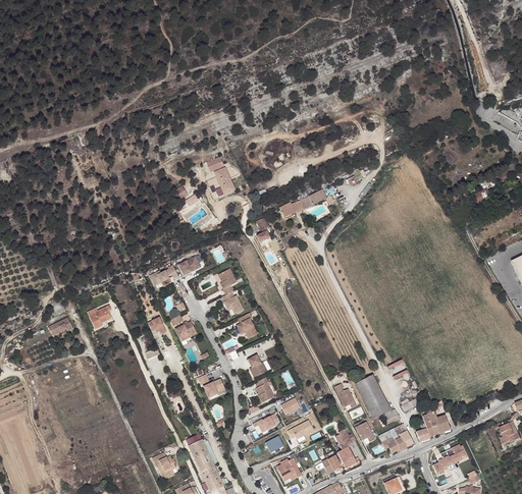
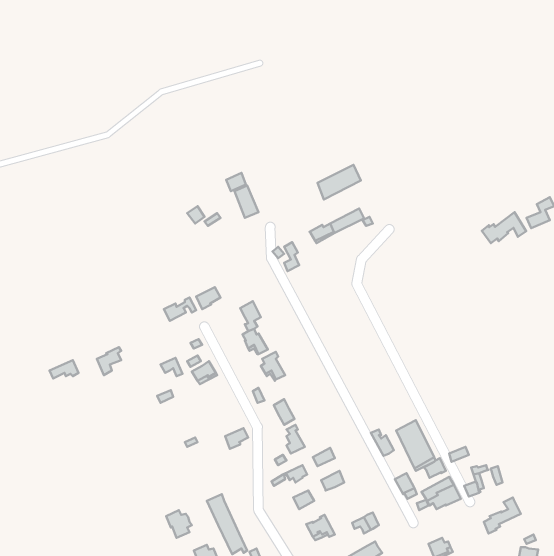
building: none -> [317,165,361,200]
building: none -> [482,212,526,243]
building: [334,428,356,468] -> none

